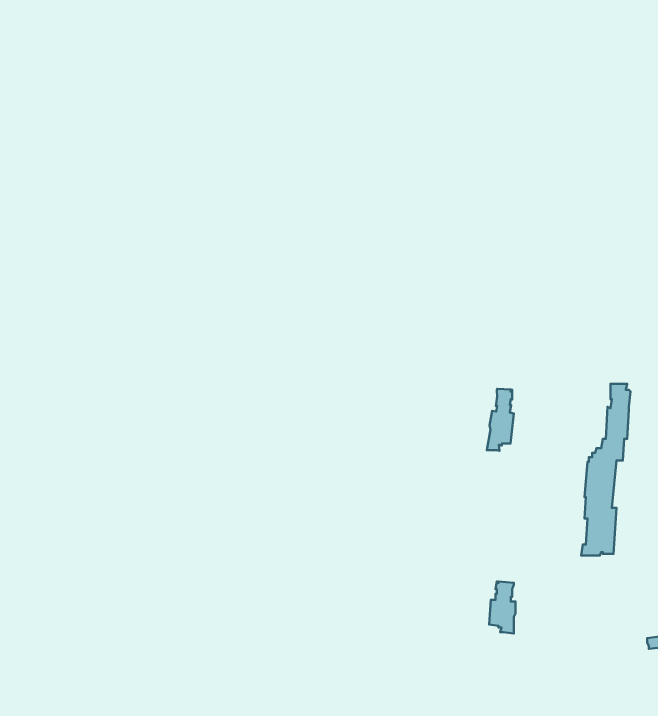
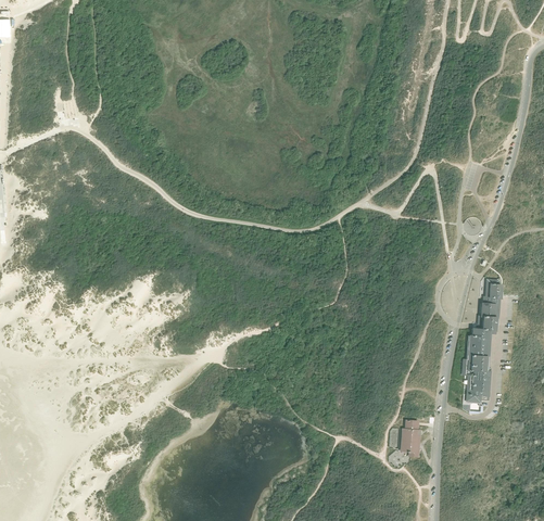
building: [487,389,514,451] -> none

